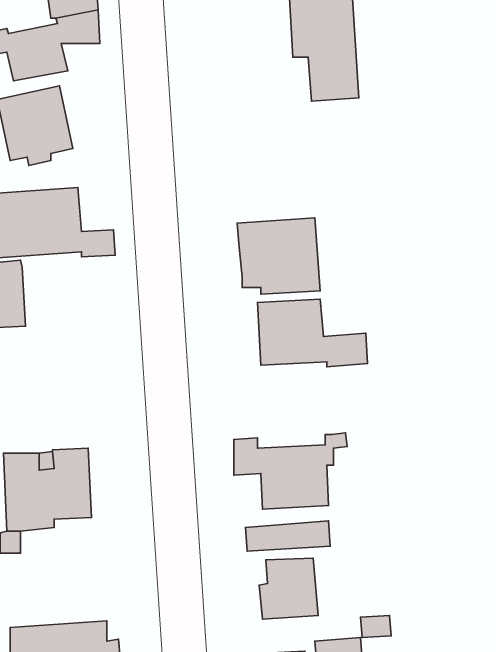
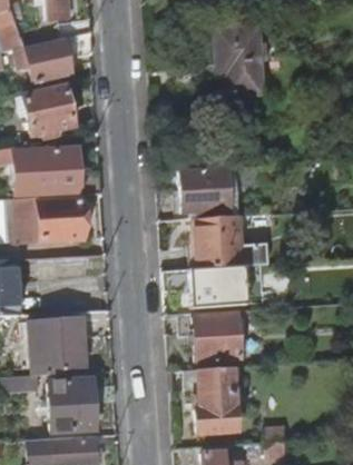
building: none -> [39,198,81,239]
building: none -> [161,266,243,311]
building: none -> [49,377,115,429]

